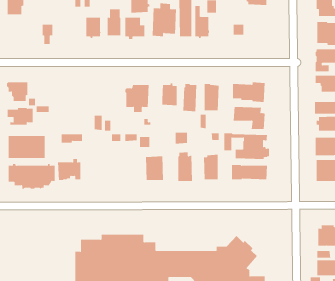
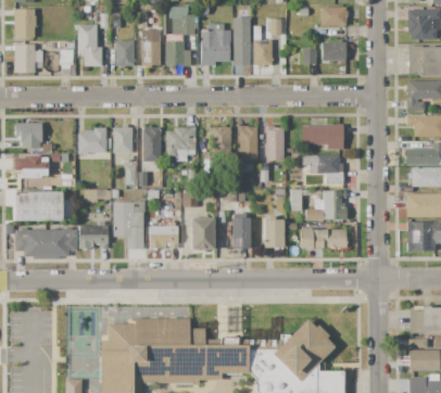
building: none -> [77,24,102,65]
building: none -> [322,40,348,60]
building: none -> [14,43,42,73]
building: none -> [112,124,133,152]
building: none -> [76,126,106,154]
building: none -> [142,126,161,161]
building: none -> [113,201,144,248]
building: none -> [149,221,178,248]

